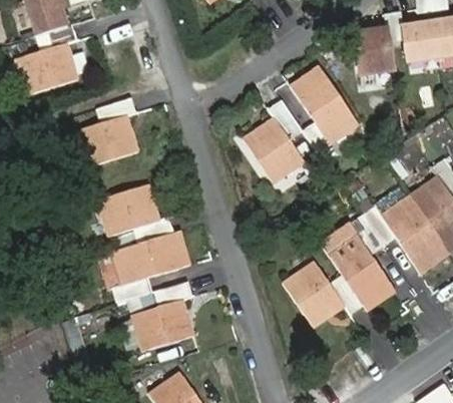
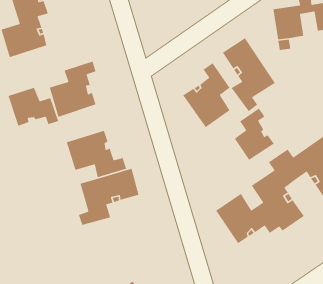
building: none -> [8,87,59,127]
building: none -> [234,107,275,161]
building: [135,282,193,350] -> none

